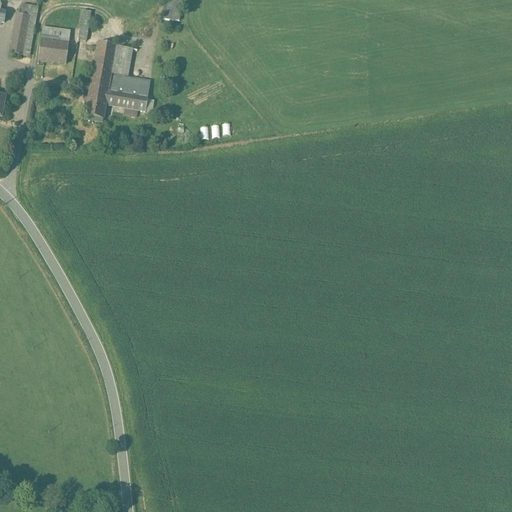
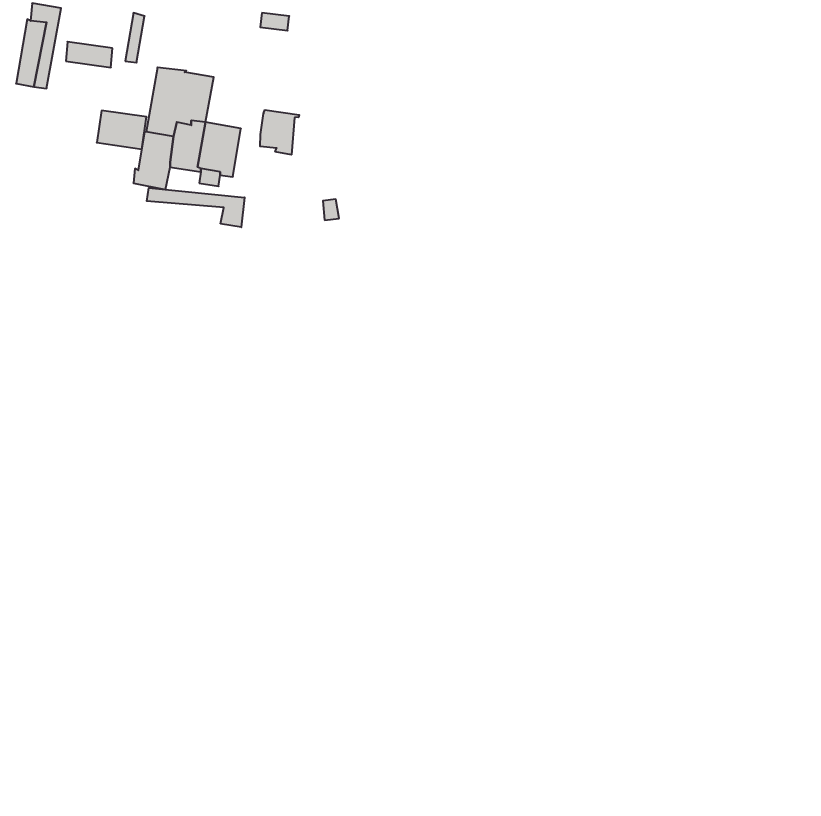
building: [38,38,69,62] -> [97,111,147,149]
building: none -> [260,110,299,155]
building: none -> [147,188,245,227]

